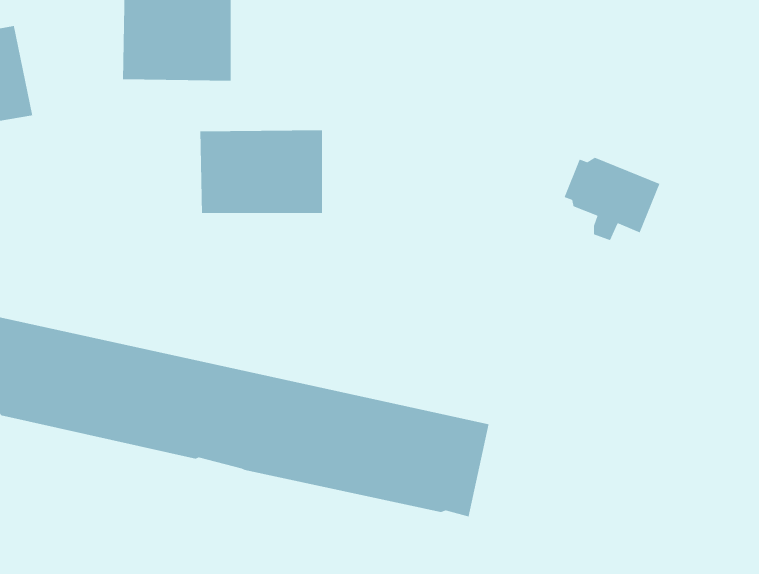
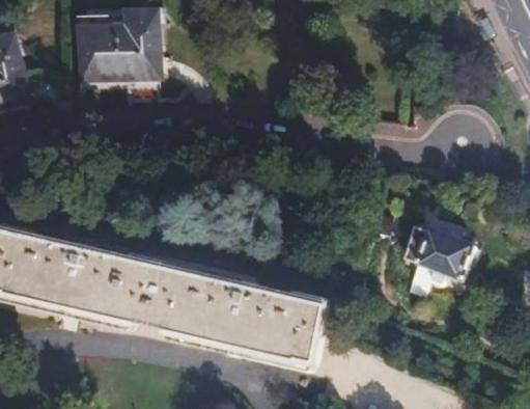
building: [200,130,323,214] -> none
building: [564,157,660,241] -> [408,227,472,283]

